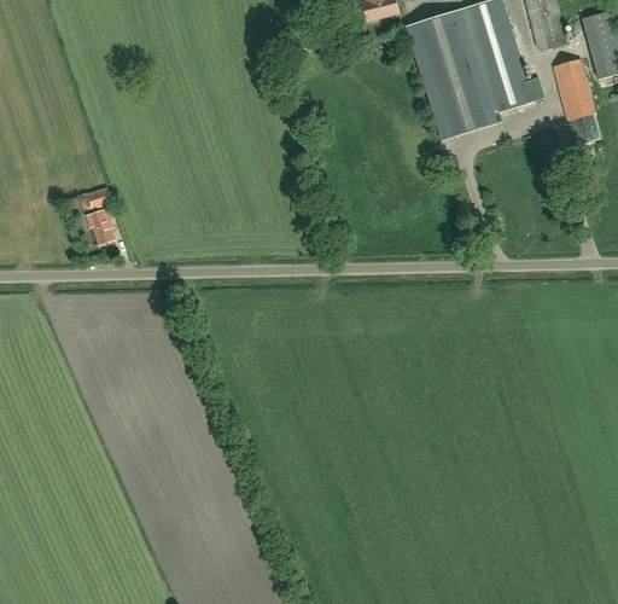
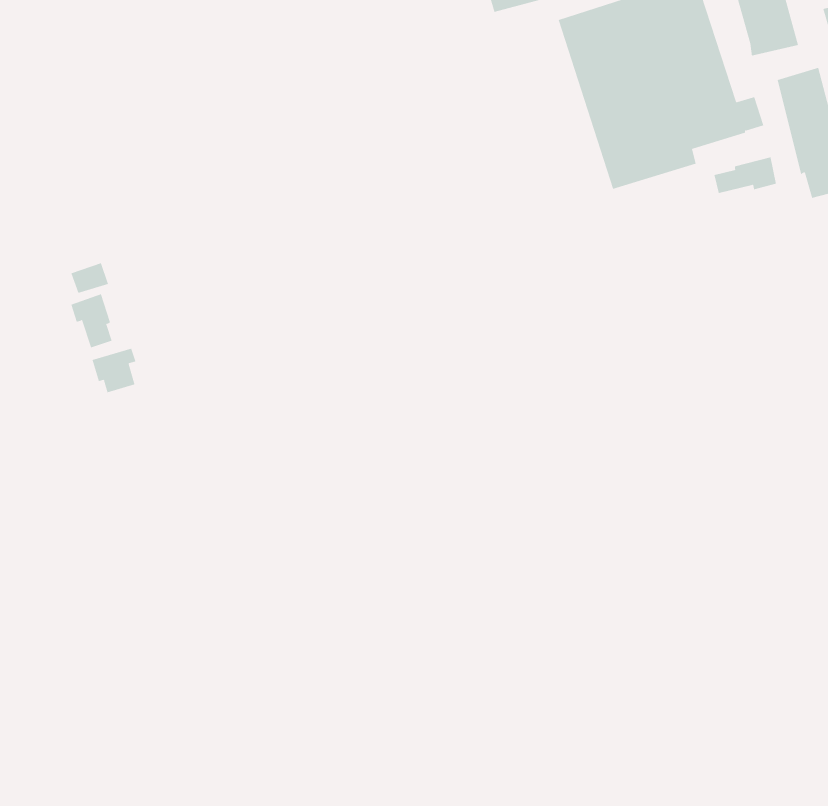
building: none -> [714,156,776,194]
building: none -> [92,348,136,393]

